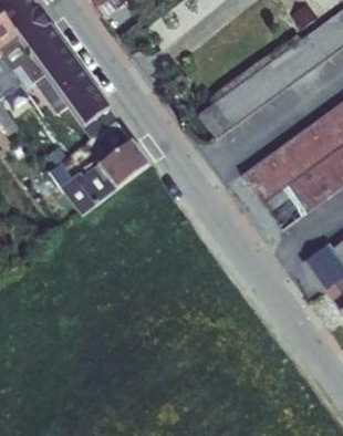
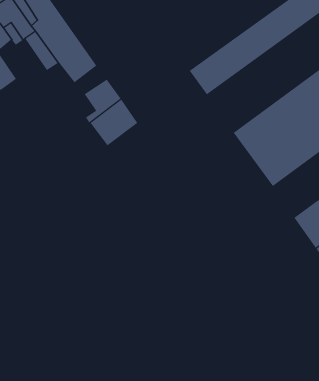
building: [49,155,116,214] -> none

